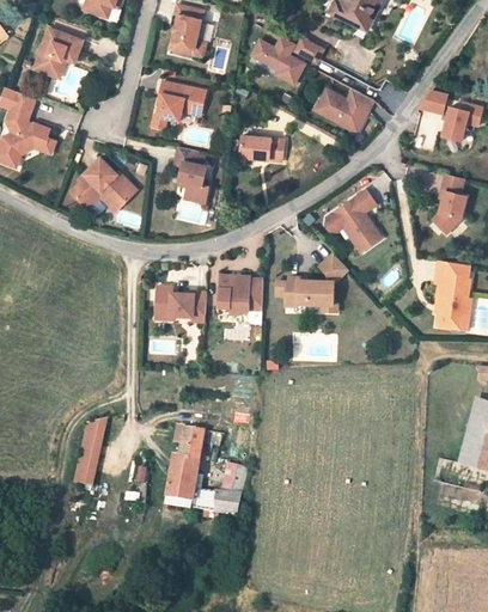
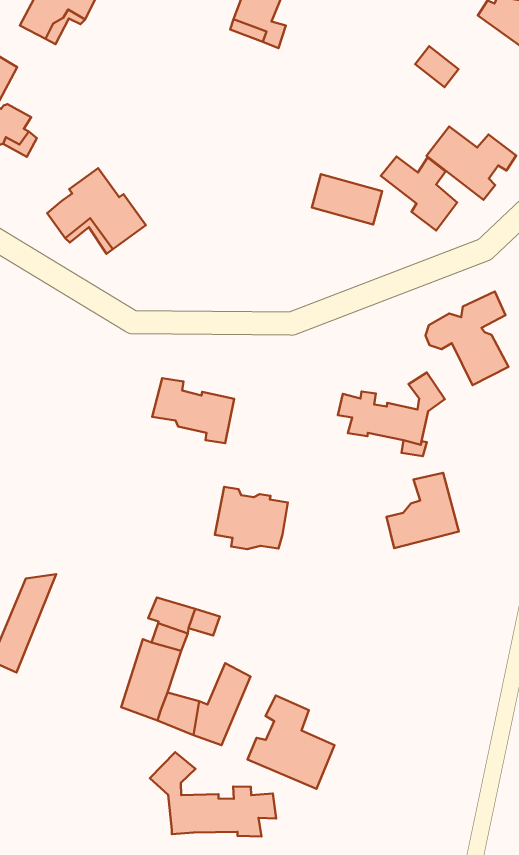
building: [248,39,300,86] -> [381,156,457,231]
building: [150,81,203,130] -> none
building: [170,142,205,198] -> none
building: [219,269,263,307] -> [215,487,288,549]
building: none -> [387,473,459,548]
building: none -> [247,695,335,789]
building: none -> [150,752,276,836]

